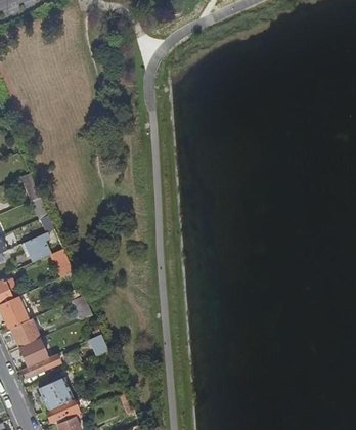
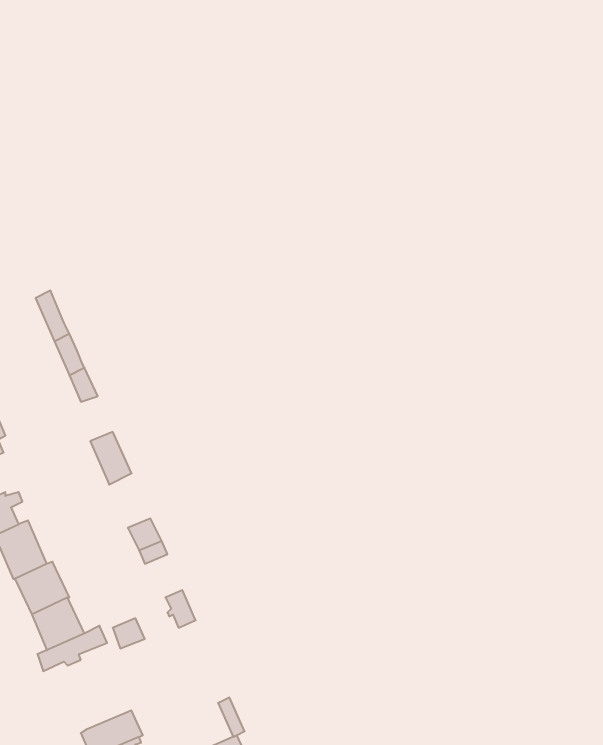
building: [21,233,50,260] -> none
building: [39,377,74,410] -> none

